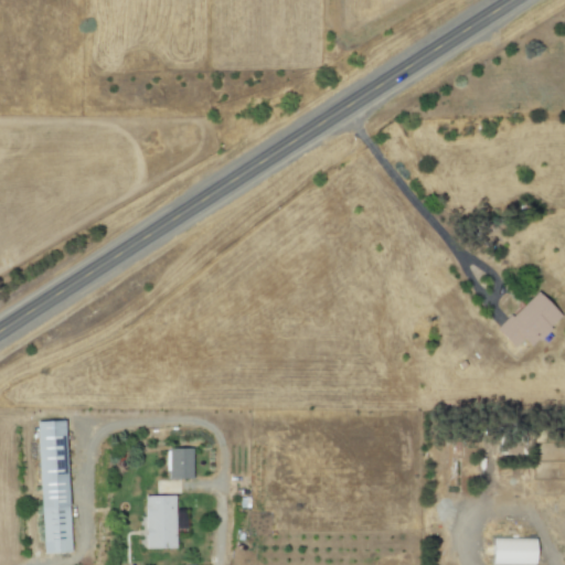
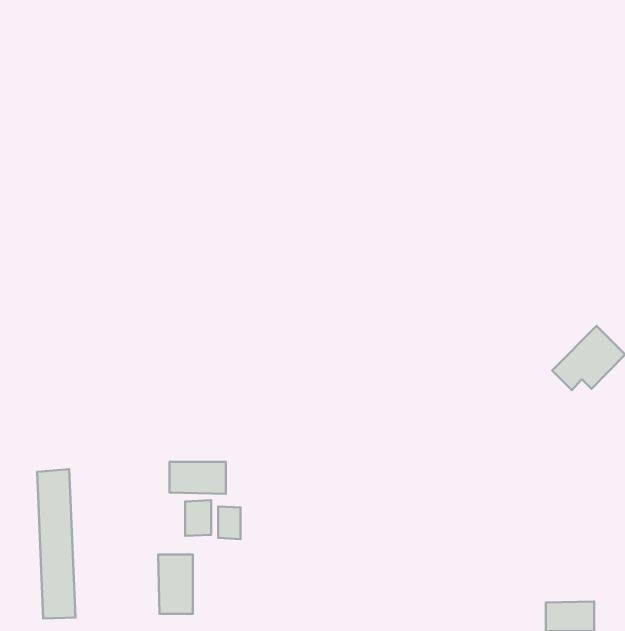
building: none -> [169,462,226,494]
building: none -> [218,506,240,539]

